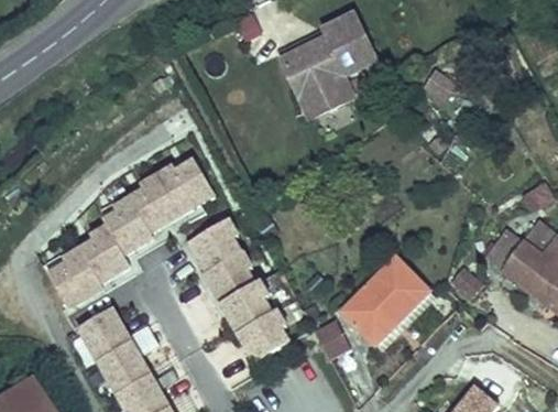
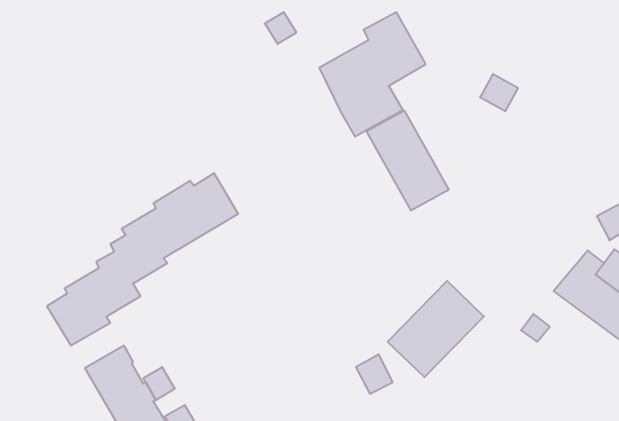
building: none -> [367,110,449,211]
building: [187,217,288,360] -> none

